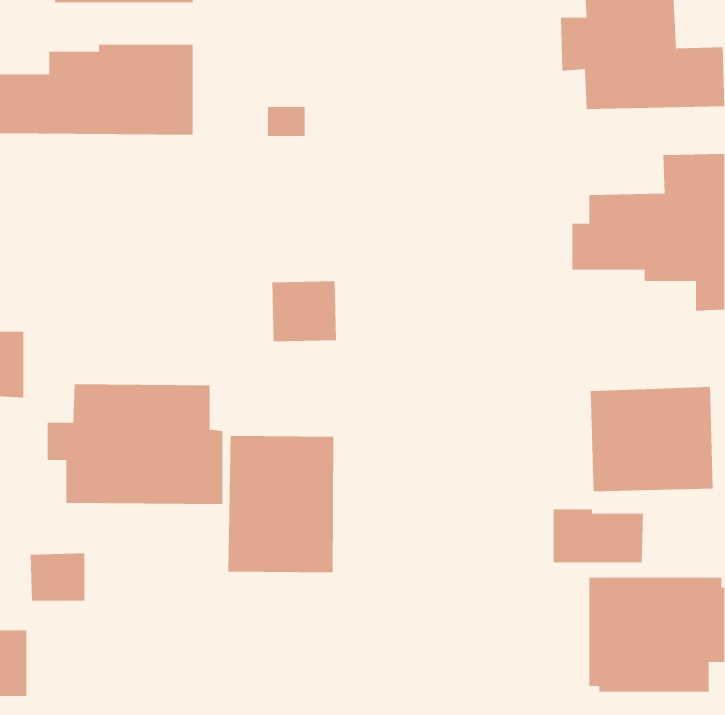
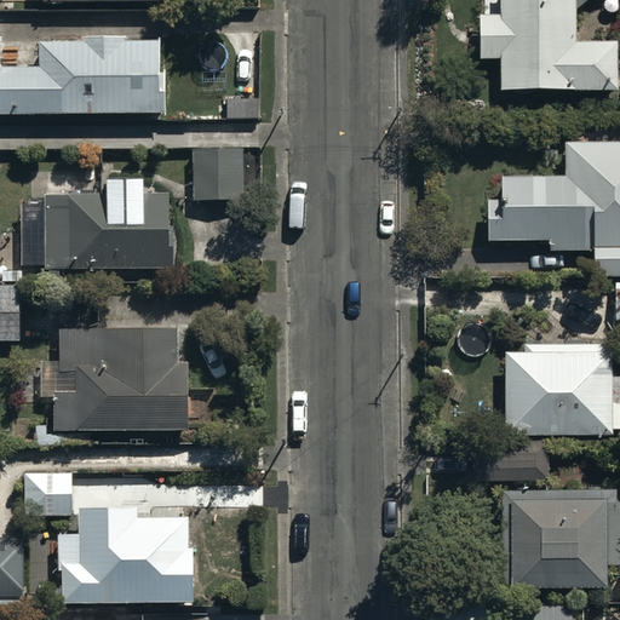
building: none -> [46,183,174,268]
building: [271,281,337,342] -> [193,147,248,199]
building: [228,435,334,573] -> none
building: none -> [63,509,196,602]

